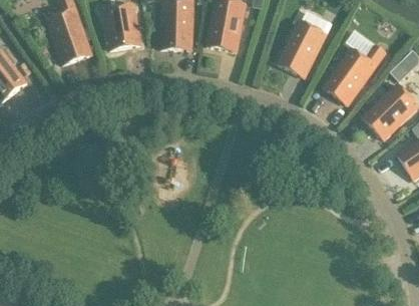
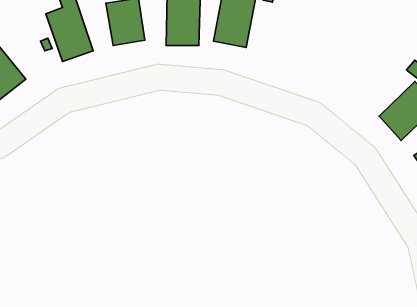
building: [277,20,326,77] -> none
building: [323,43,386,104] -> none

